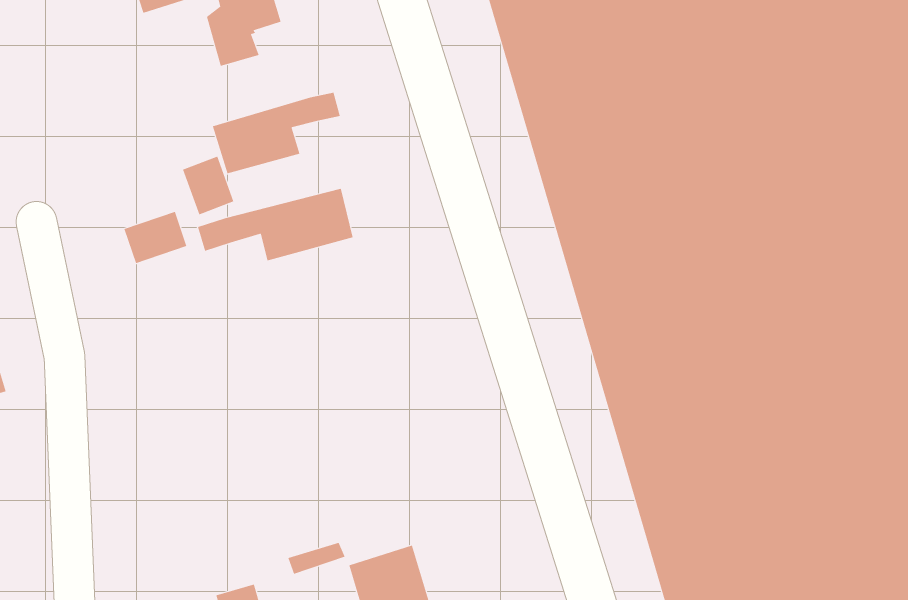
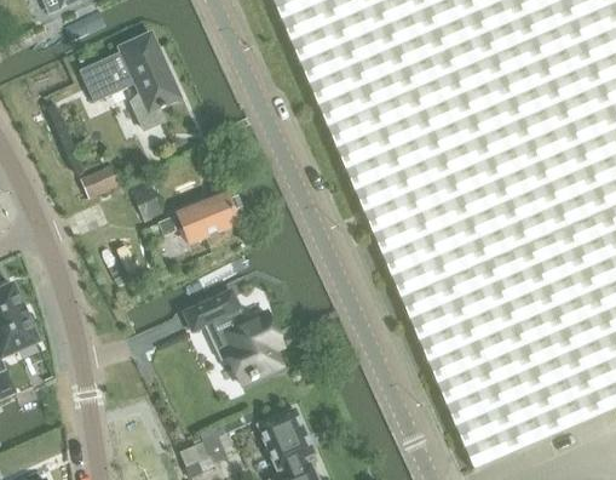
building: [212,92,340,174] -> none
building: [124,211,187,264] -> [81,162,121,198]
building: none -> [184,288,281,382]

